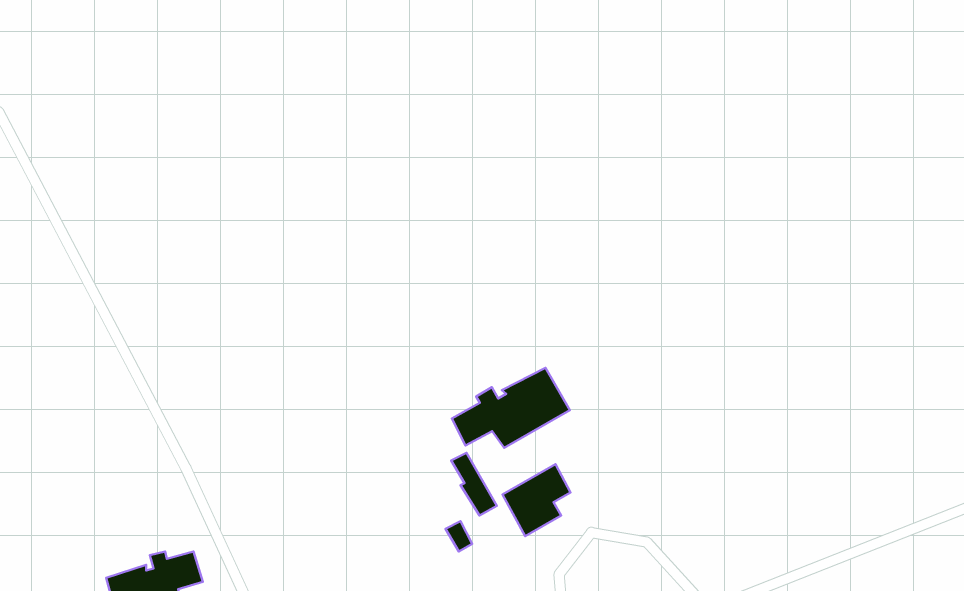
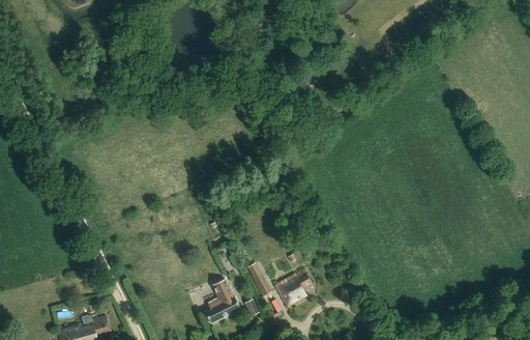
building: [452,368,570,448] -> none
building: none -> [205,278,240,322]

